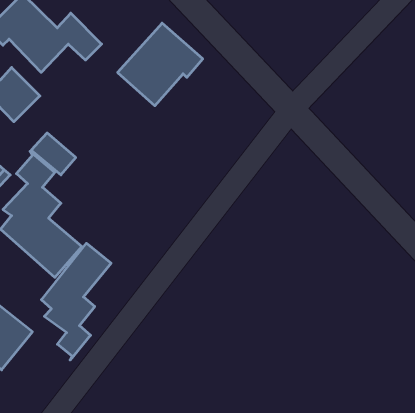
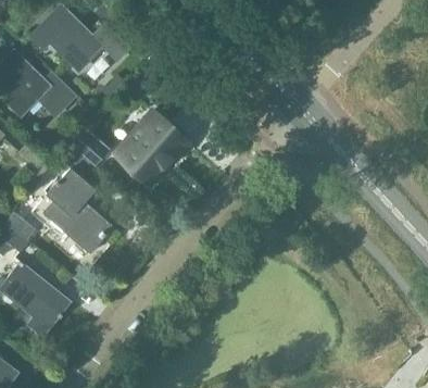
building: [118,23,203,106] -> [114,111,189,184]
building: [41,243,111,360] -> none

